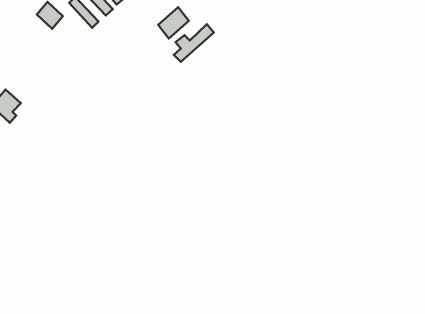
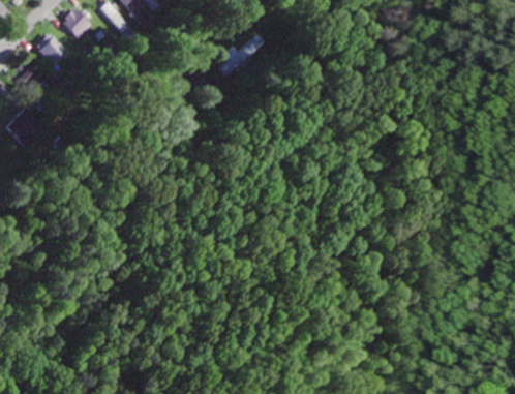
building: [158,7,189,38] -> none
building: none -> [35,32,69,65]

